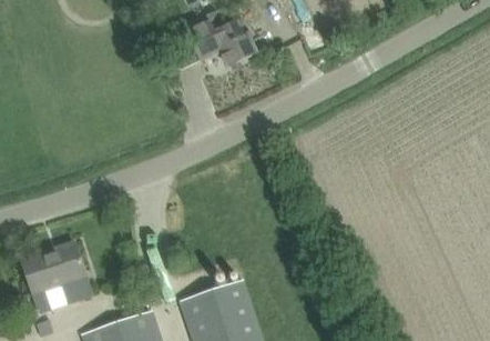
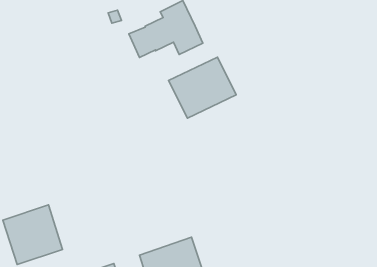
building: none -> [169,57,236,118]

